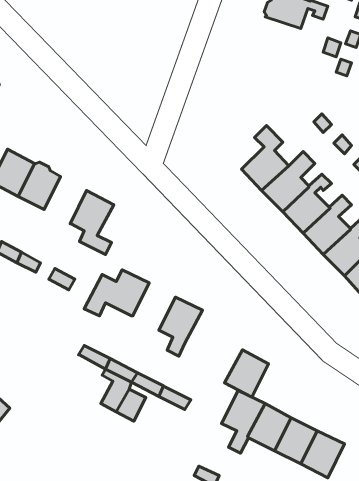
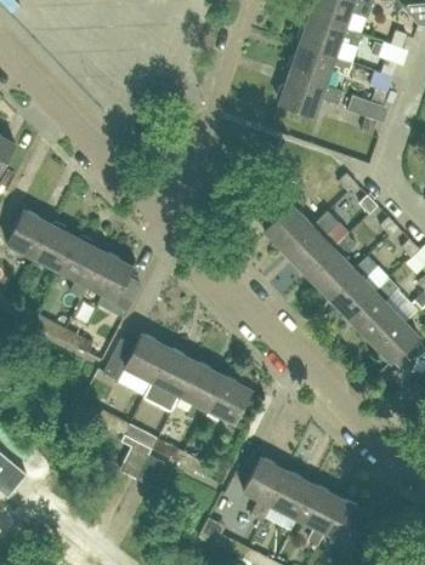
building: none -> [277,74,342,115]
building: none -> [61,238,104,299]
building: none -> [142,347,195,411]
building: [225,350,268,397] -> [205,375,250,423]

